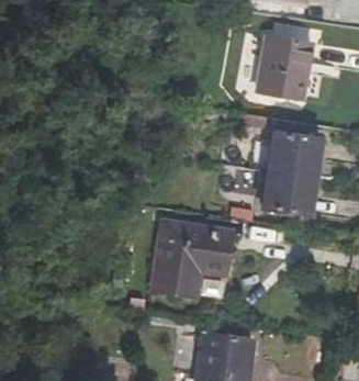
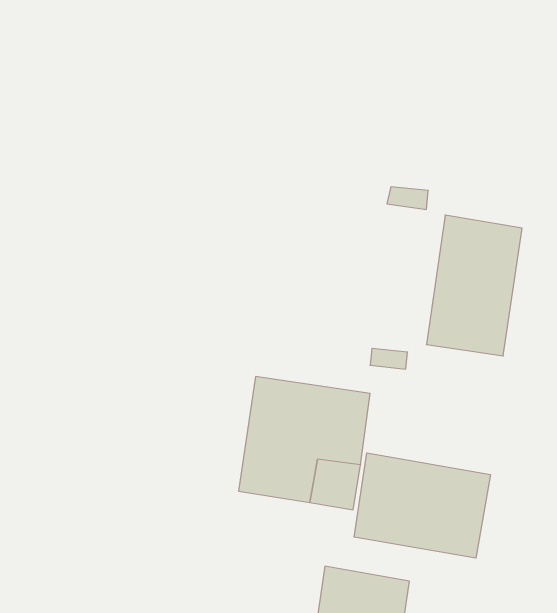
building: [262,35,313,96] -> none
building: none -> [354,453,490,558]

